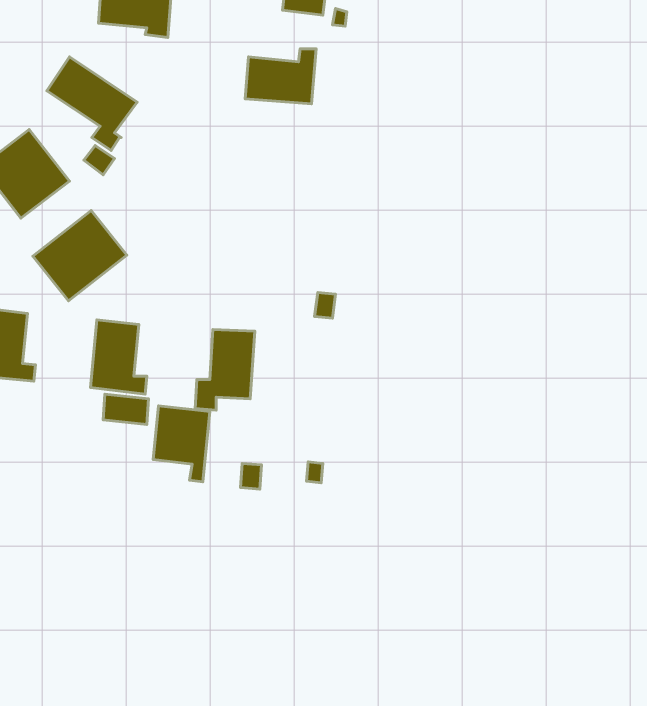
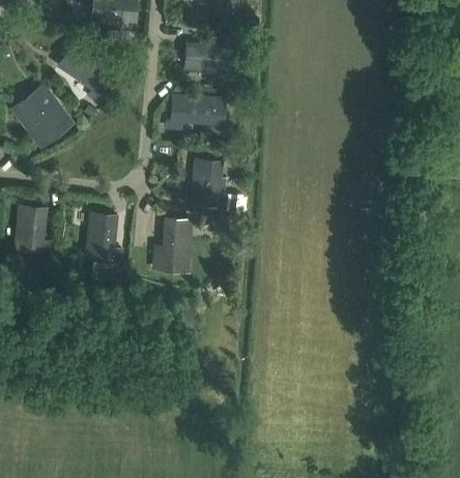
building: none -> [167,94,225,129]
building: [33,211,127,301] -> none
building: none -> [192,159,227,206]
building: [153,406,210,482] -> none

